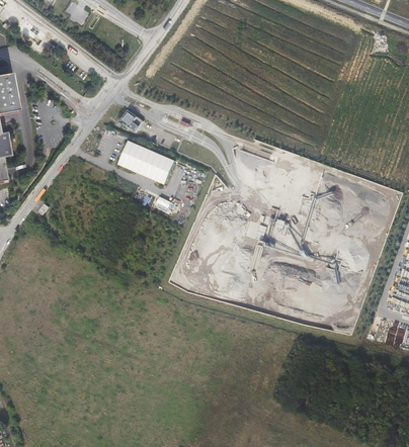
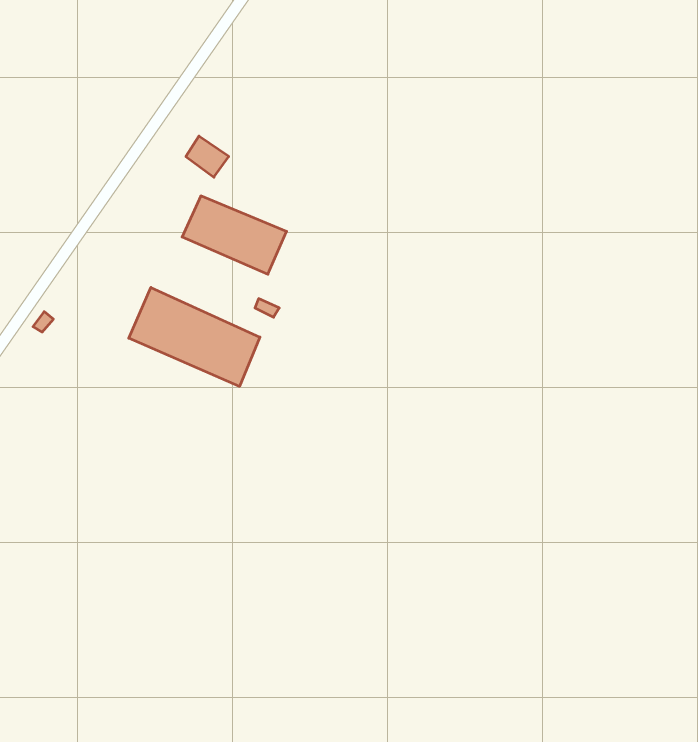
building: none -> [129,287,260,386]

